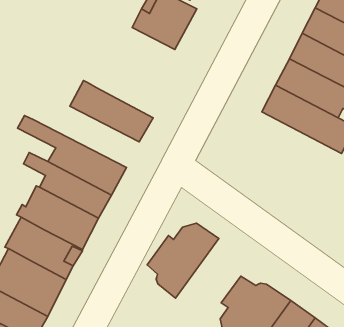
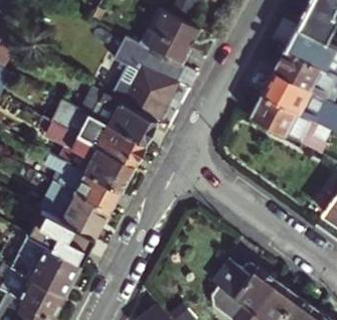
building: none -> [108,34,185,121]
building: none -> [53,101,145,164]
building: [147,223,219,298] -> none

